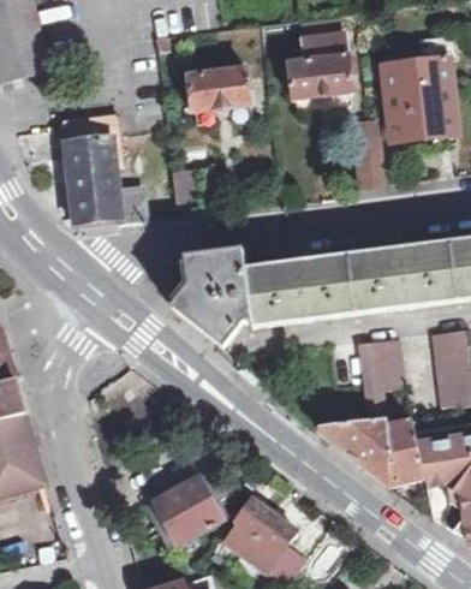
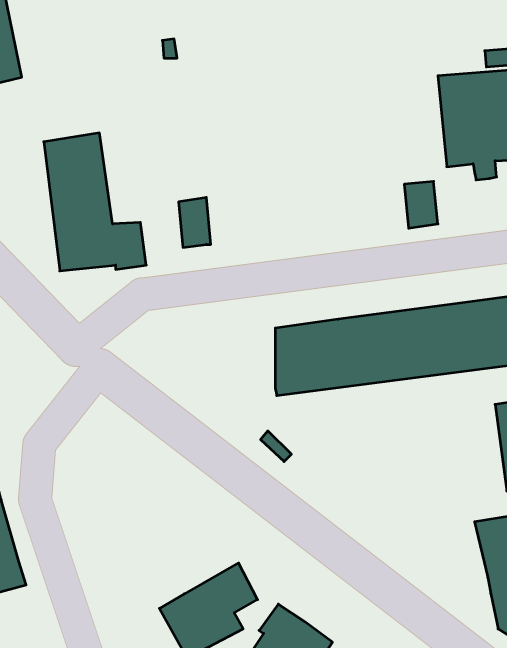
building: [286,35,348,97] -> none
building: [187,65,251,108] -> none
building: [173,256,249,345] -> none
building: [363,338,401,391] -> none
building: [318,417,423,486] -> none

